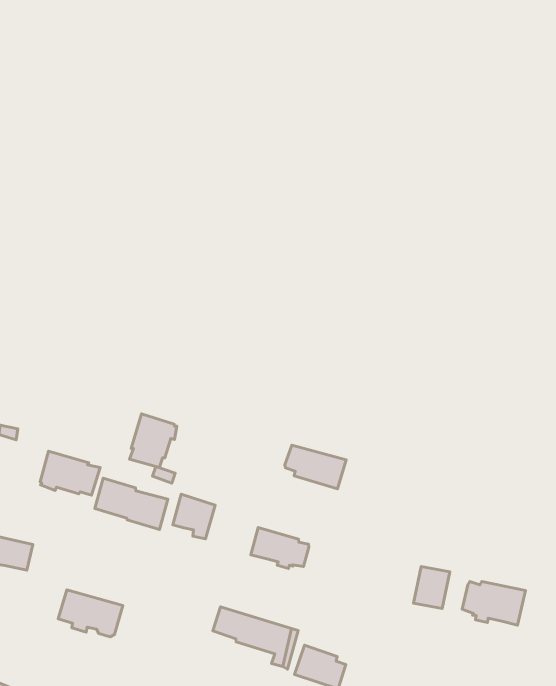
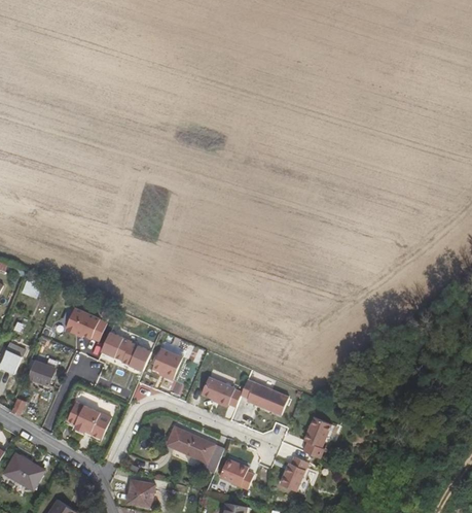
building: [129,414,177,468] -> none
building: [285,445,346,489] -> [239,380,280,413]
building: [462,582,525,625] -> none
building: none -> [280,456,307,491]

